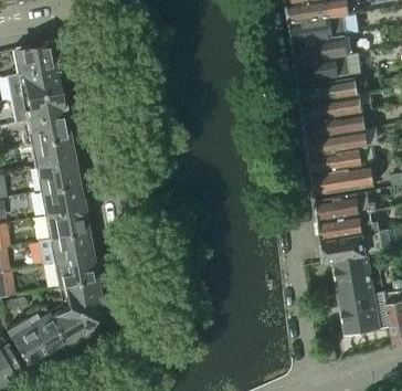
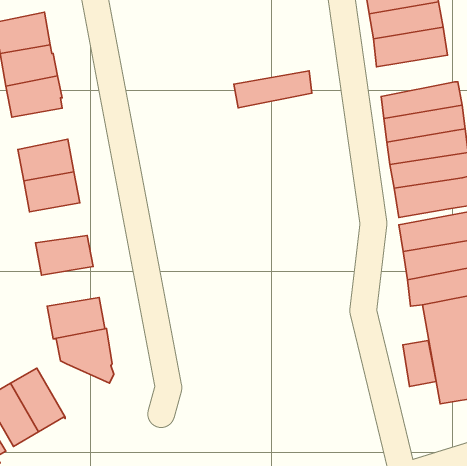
building: [298,77,357,105] -> [234,71,312,108]
building: [25,114,67,145] -> none
building: [39,184,82,214] -> none
building: [36,232,91,264] -> none
building: none -> [403,340,436,387]
building: [44,305,98,345] -> none

